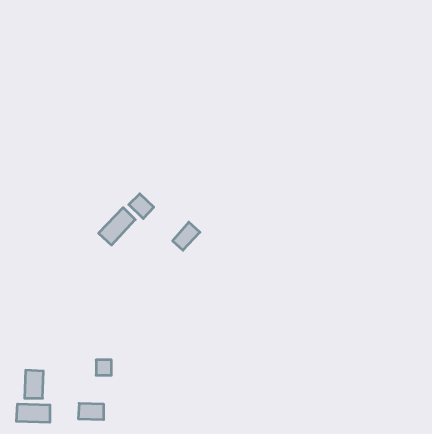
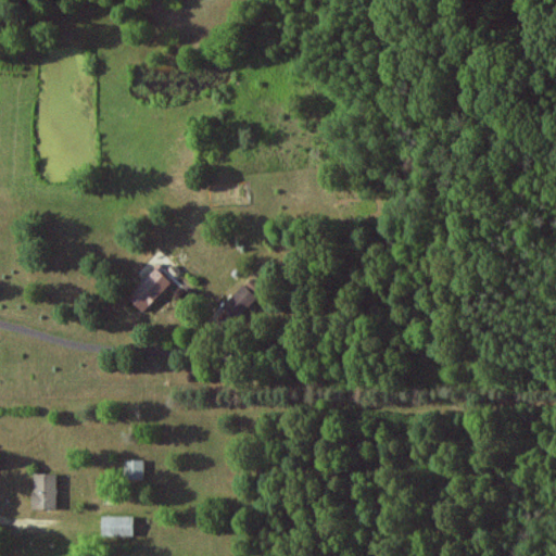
building: [129,194,154,219] -> none
building: [16,404,50,422] -> none

